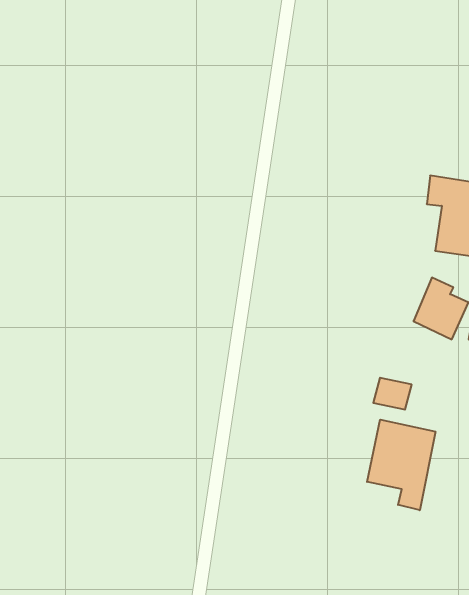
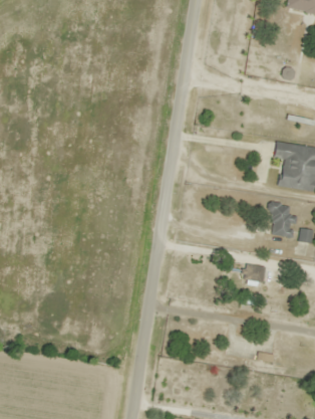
building: [367,420,435,510] -> none

